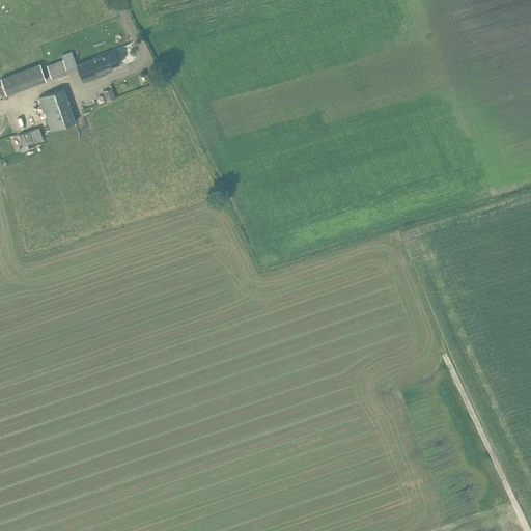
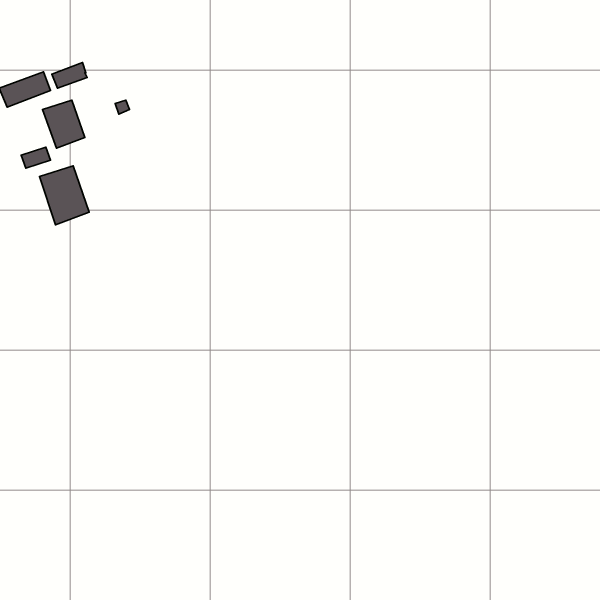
building: [75,52,118,82] -> none
building: none -> [40,166,89,225]

